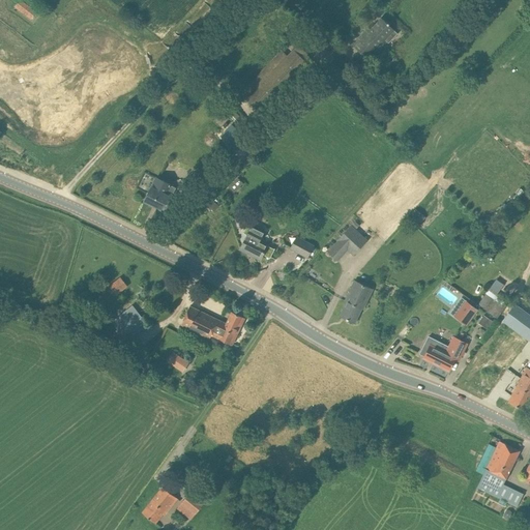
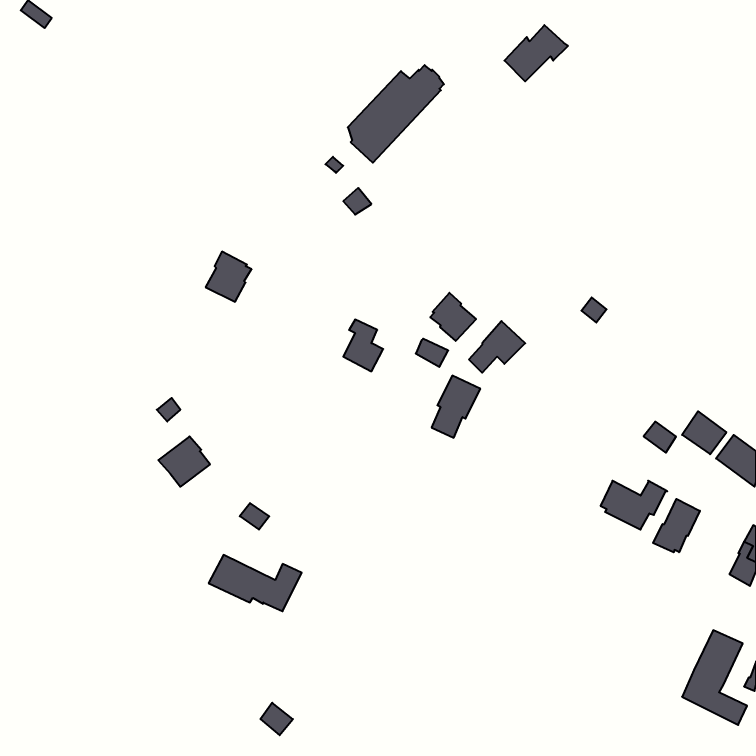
building: none -> [430,293,476,341]
building: [340,279,374,323] -> [432,376,480,438]
building: [180,305,245,345] -> [209,555,302,611]
building: none -> [653,499,700,552]
building: [142,487,177,523] -> none

